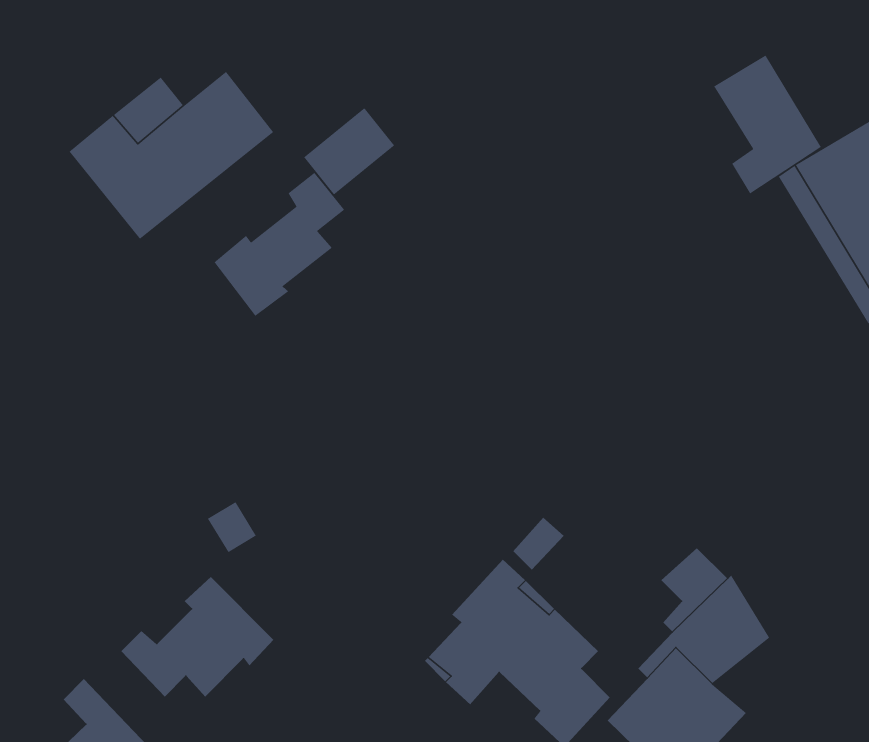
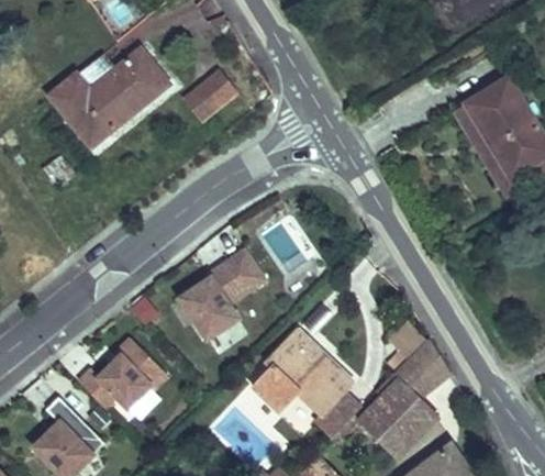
building: [713,54,822,195] -> none
building: [214,172,345,317] -> none
building: none -> [180,251,264,339]

